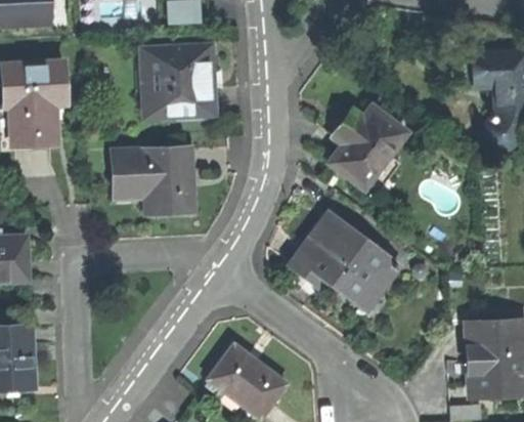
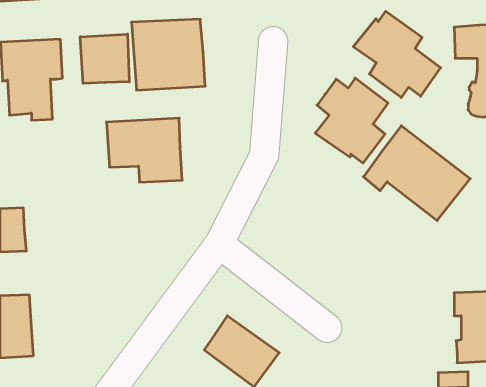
building: none -> [353,11,441,98]
building: none -> [80,34,129,83]
building: [287,209,396,306] -> [363,126,470,221]

